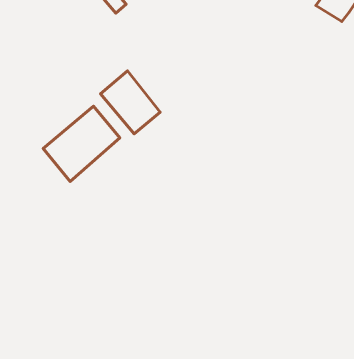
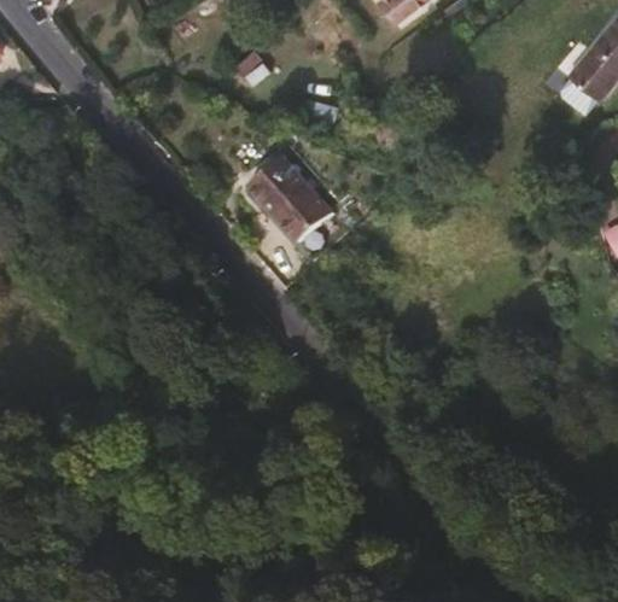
building: [43,106,120,181] -> none

